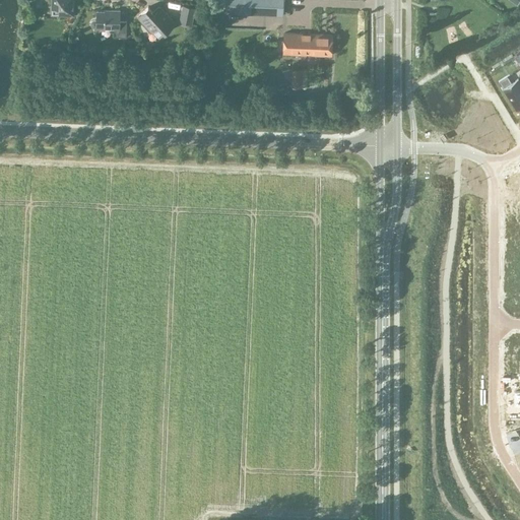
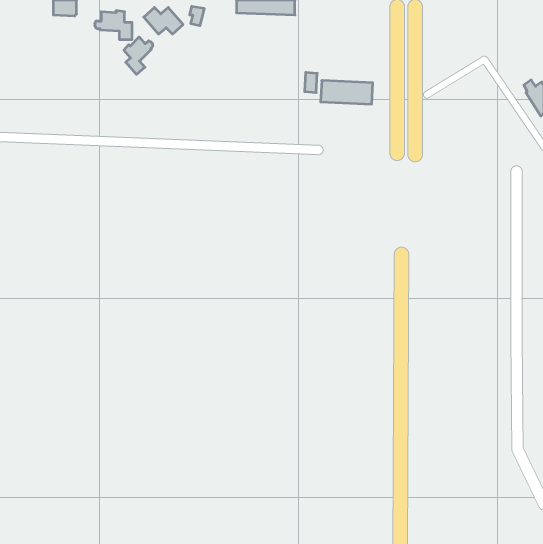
building: [283,32,333,55] -> [321,81,373,104]
building: none -> [124,37,153,74]

